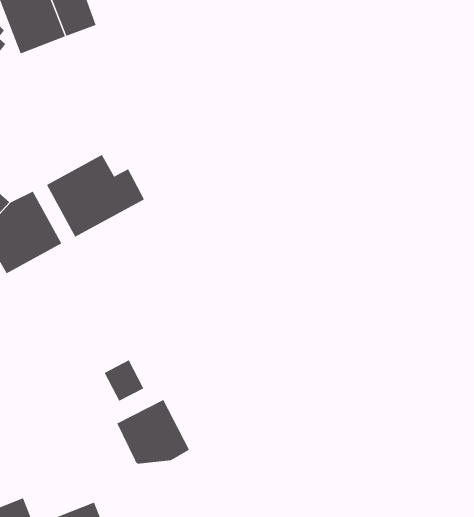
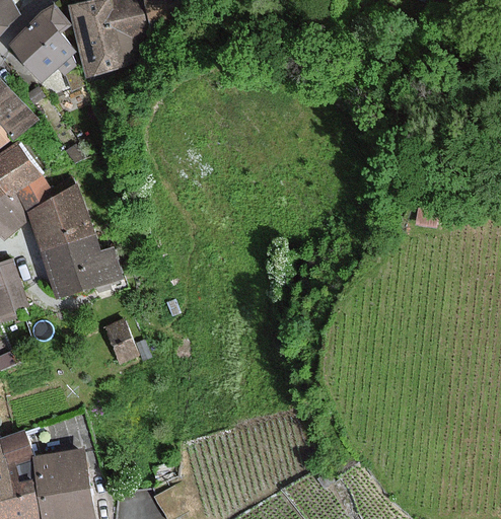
building: [46,154,145,238] -> [42,232,120,296]
building: [117,399,190,465] -> none

